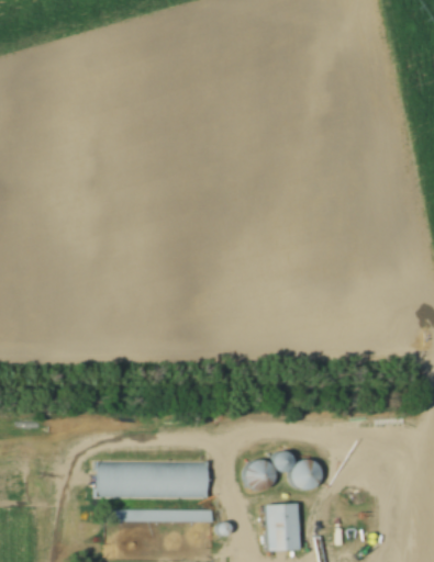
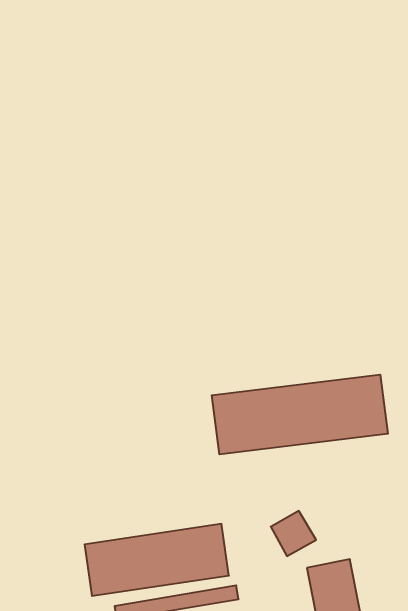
building: none -> [212,375,388,454]
building: [275,454,316,488] -> none

